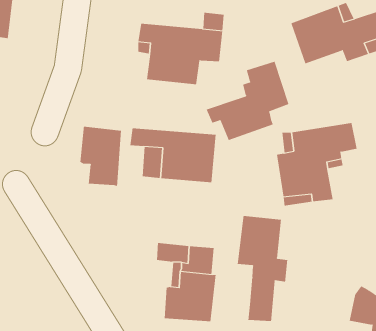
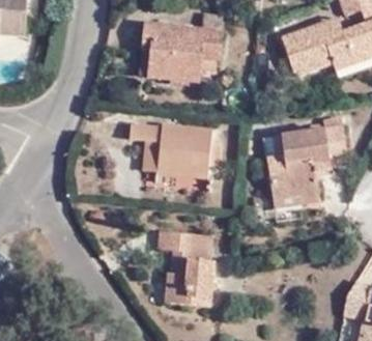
building: [206,61,289,141] -> none
building: [80,126,122,187] -> none
building: [237,215,288,322] -> none

